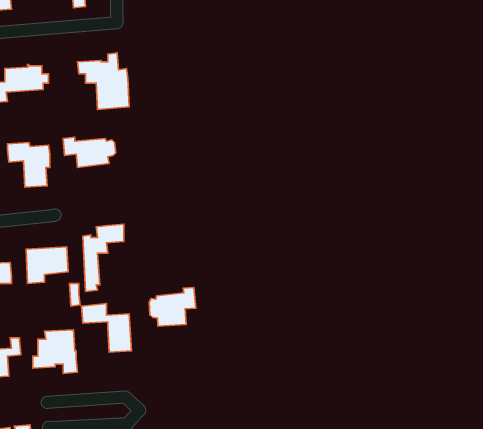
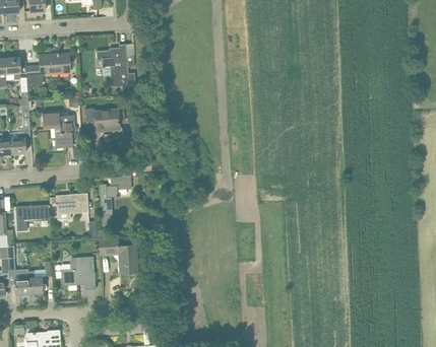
building: [149,288,196,326] -> none

